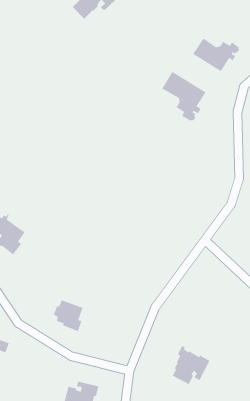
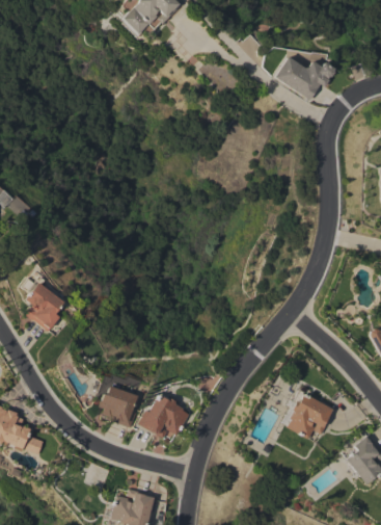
building: [161,71,206,122] -> none
building: none -> [138,392,189,439]
building: [172,345,211,385] -> [288,388,336,439]

